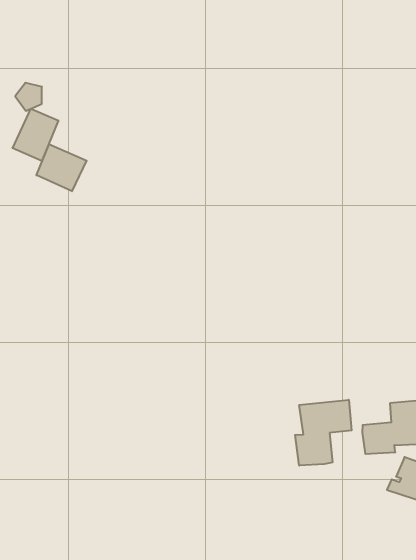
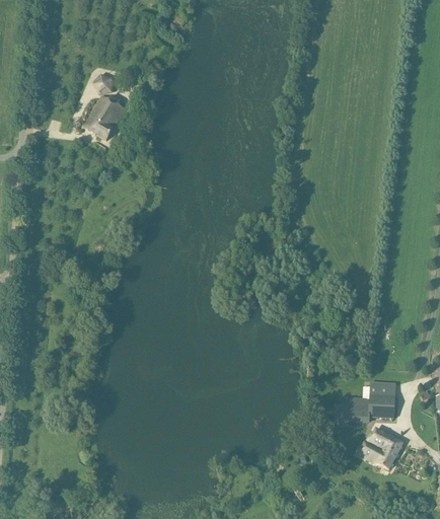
building: [36,144,87,191] -> none
building: [295,400,352,466] -> none

